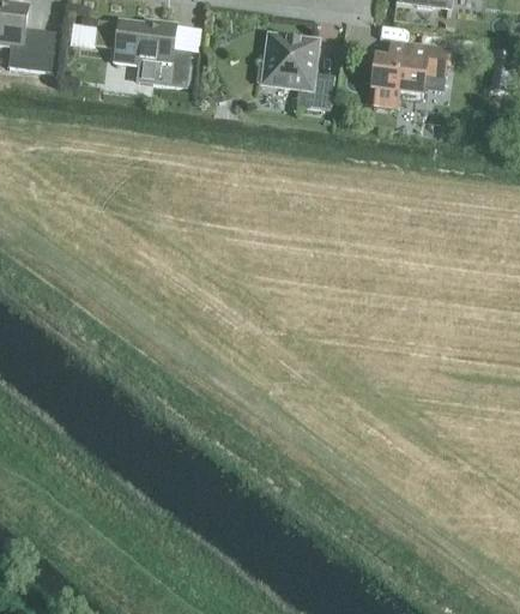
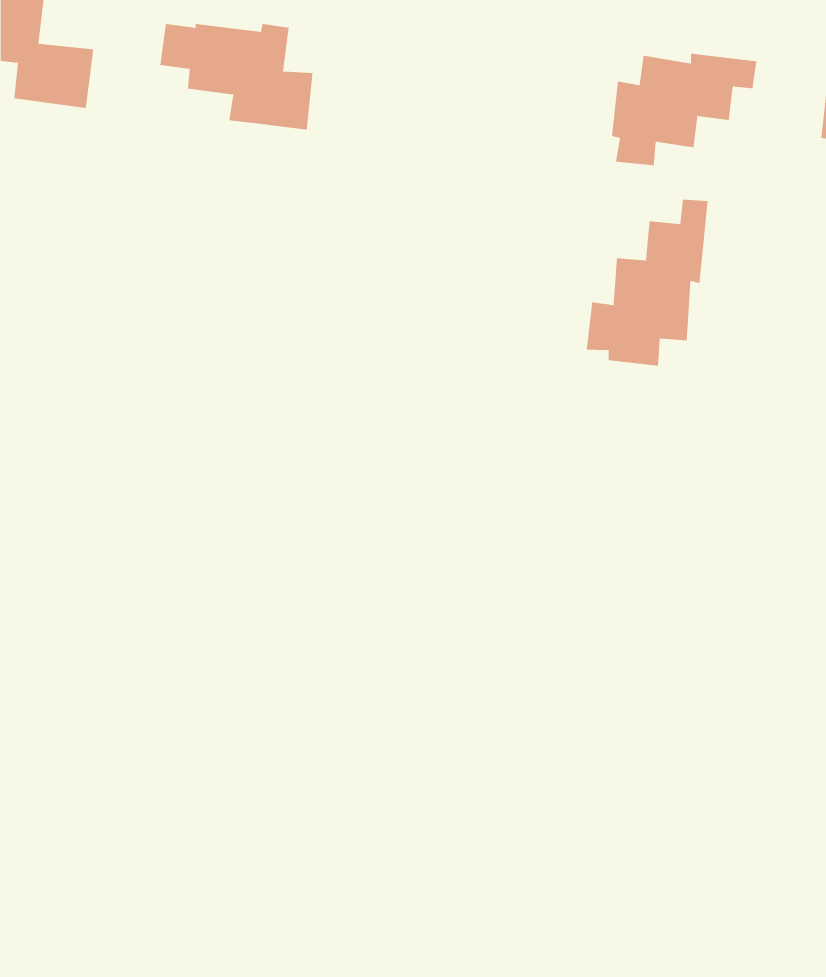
building: [255,35,334,108] -> none
building: none -> [586,199,708,366]

